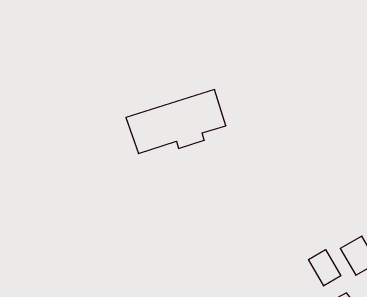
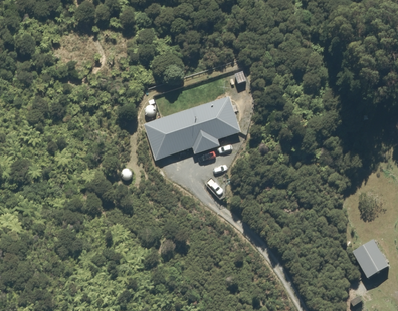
building: [309,250,341,286] -> none

